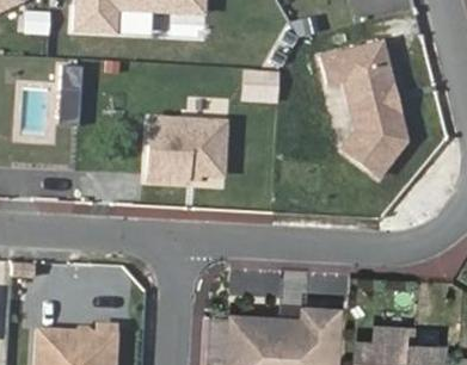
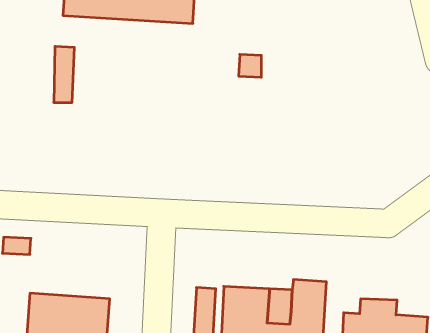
building: [322,43,407,177] -> none
building: [148,118,226,182] -> none

